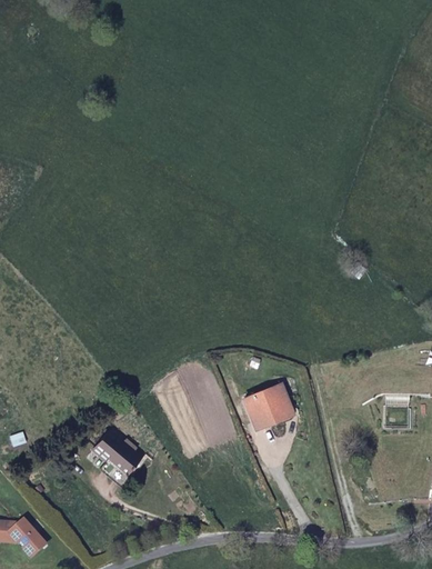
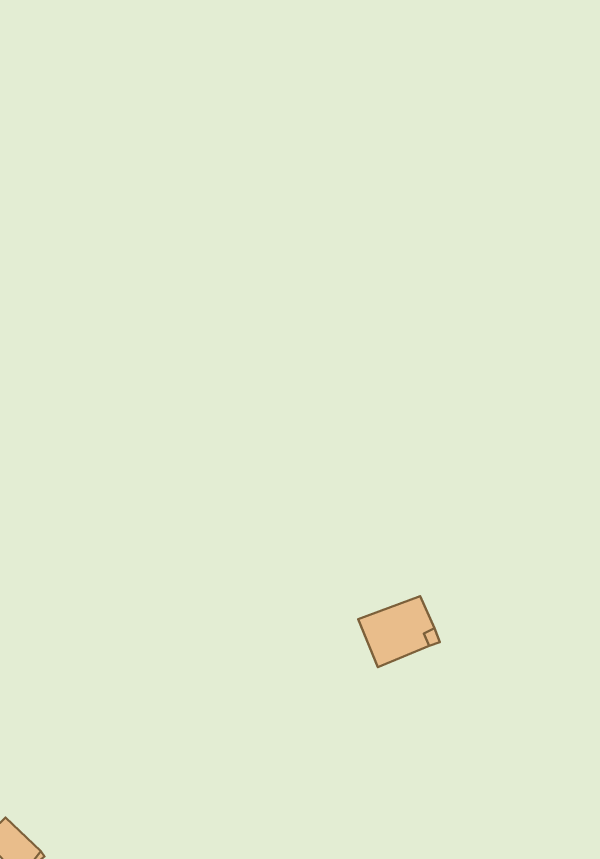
building: [94,429,141,476] -> none

